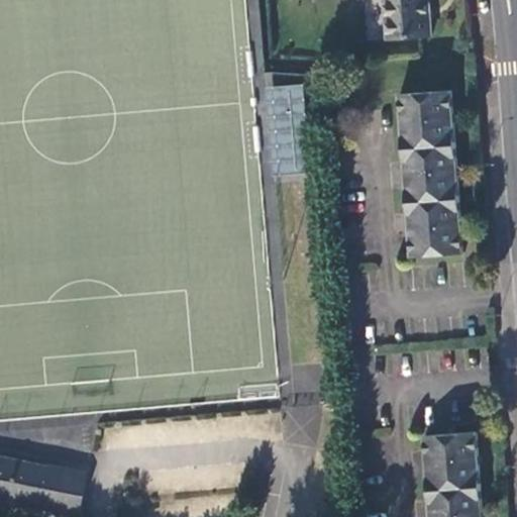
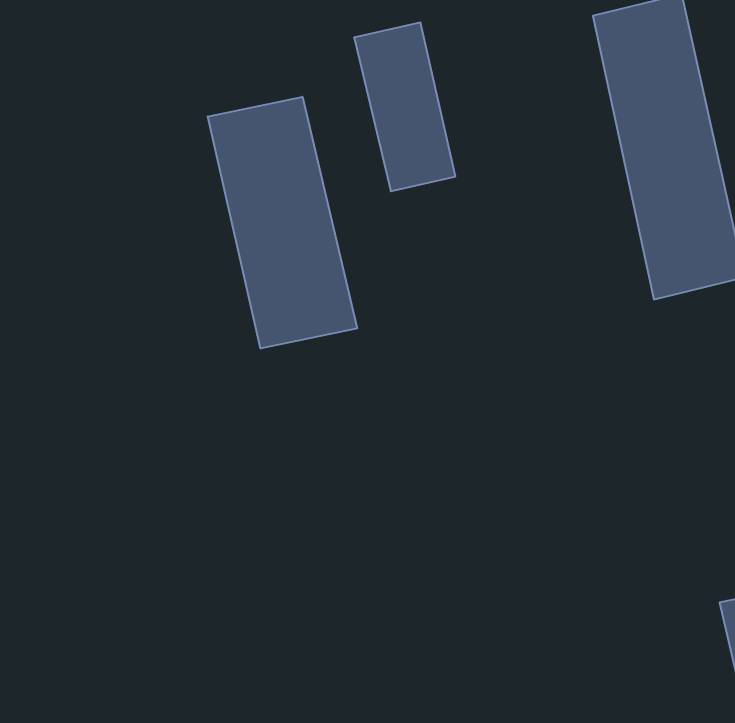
building: none -> [208,97,357,349]

